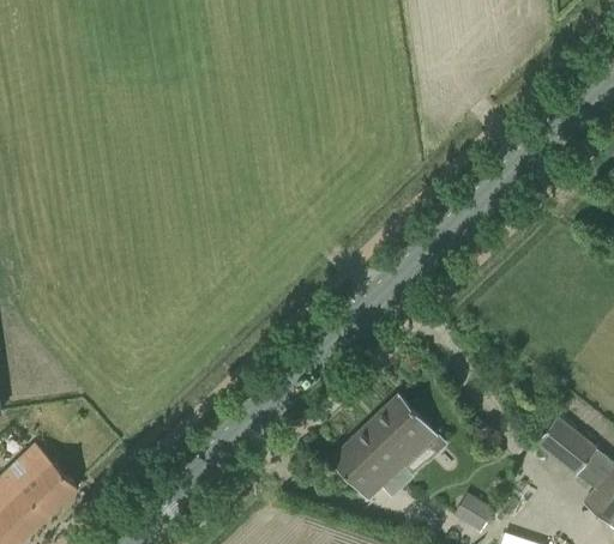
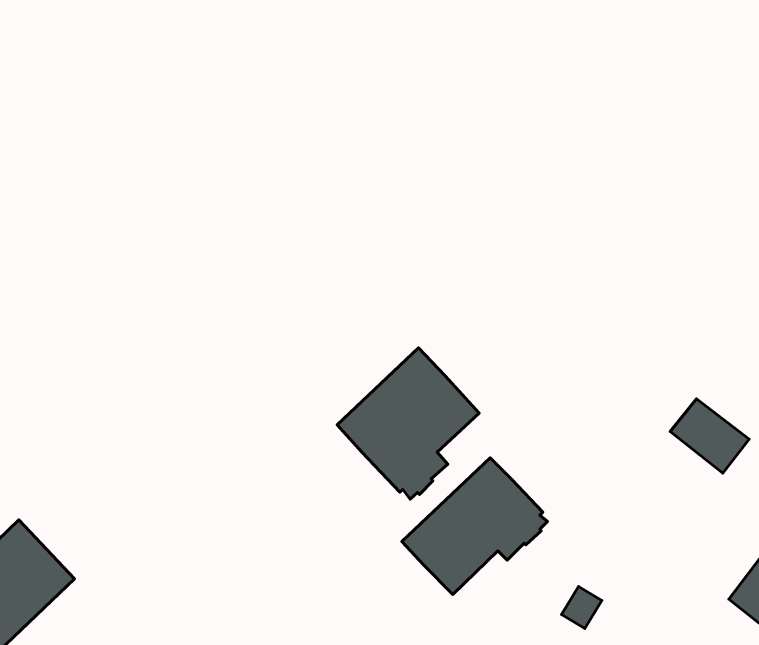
building: none -> [337,348,479,499]
building: [535,417,596,475] -> [670,399,749,473]

